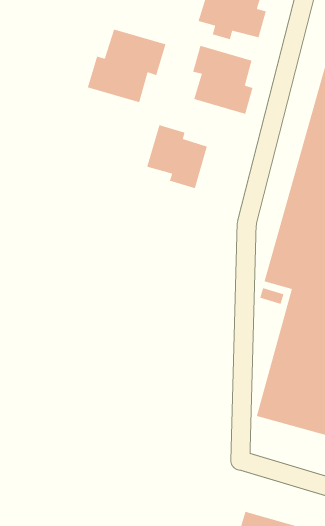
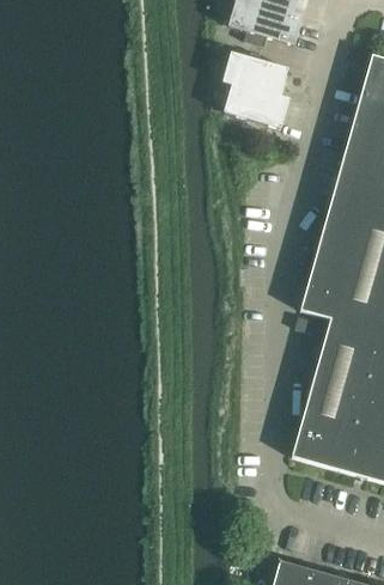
building: [87,28,167,103] -> none
building: [146,124,208,189] -> none

